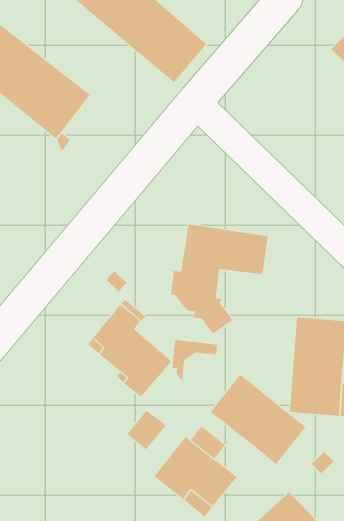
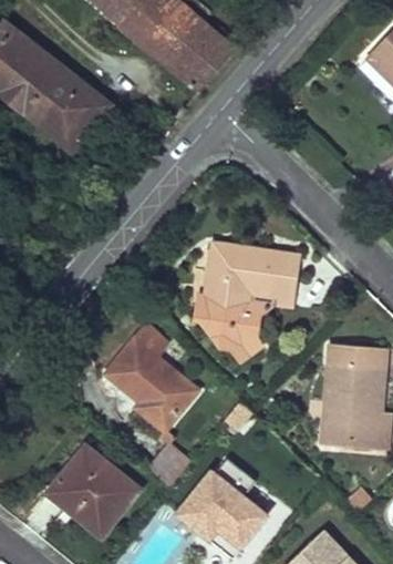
building: [171,339,218,383] -> [245,291,294,338]
building: [210,374,306,465] -> none
building: none -> [46,444,138,535]

